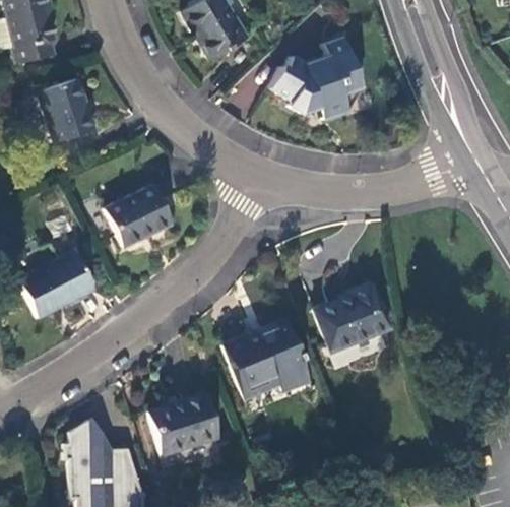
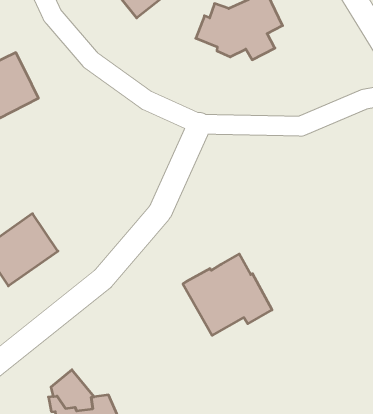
building: [103,184,173,249] -> none
building: [311,281,393,355] -> none
building: [146,392,219,457] -> none

